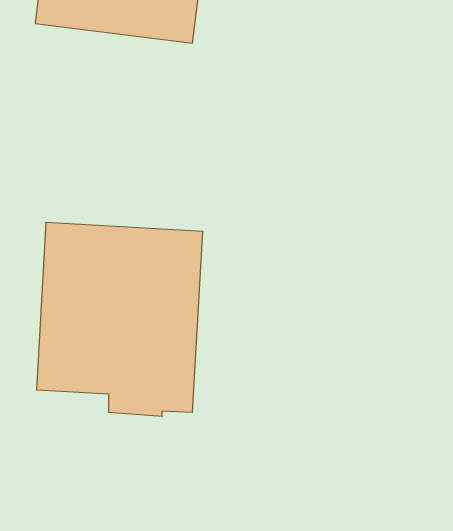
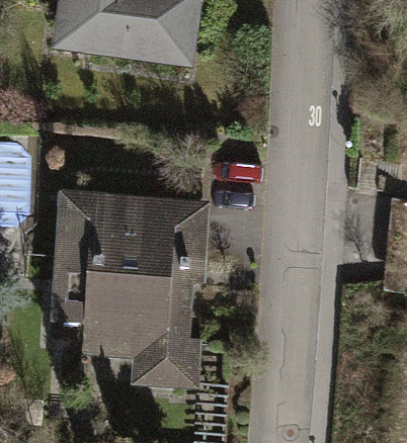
building: none -> [85,328,187,386]

